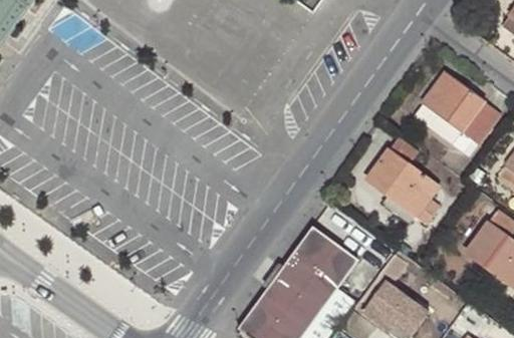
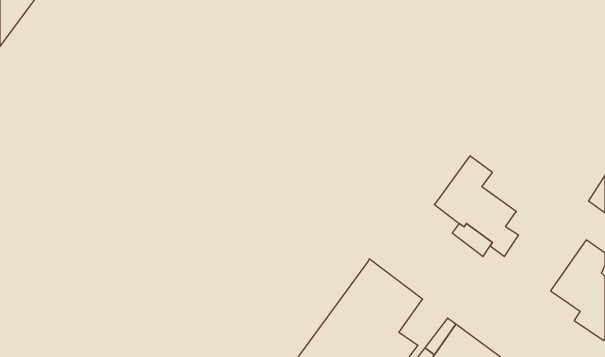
building: [415,73,500,152] -> none

